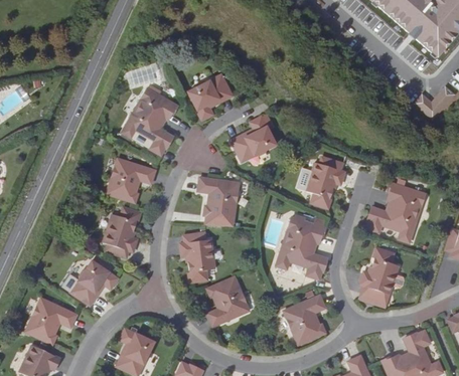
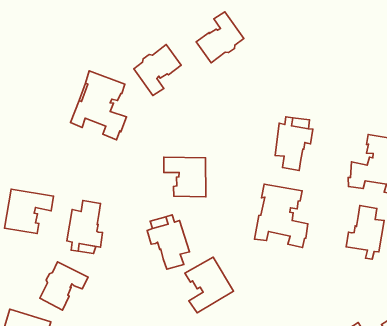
building: [235,117,279,162] -> [196,12,244,63]
building: [106,158,155,202] -> [5,189,54,233]
building: [284,294,327,344] -> none

